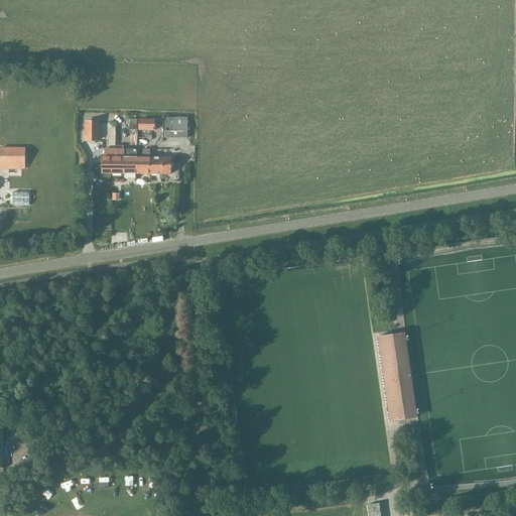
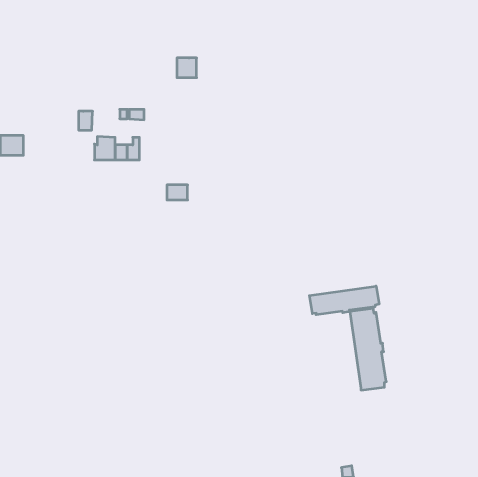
building: [165,116,186,137] -> [177,58,197,78]
building: [150,156,172,172] -> [167,185,188,200]
building: none -> [309,286,379,315]

